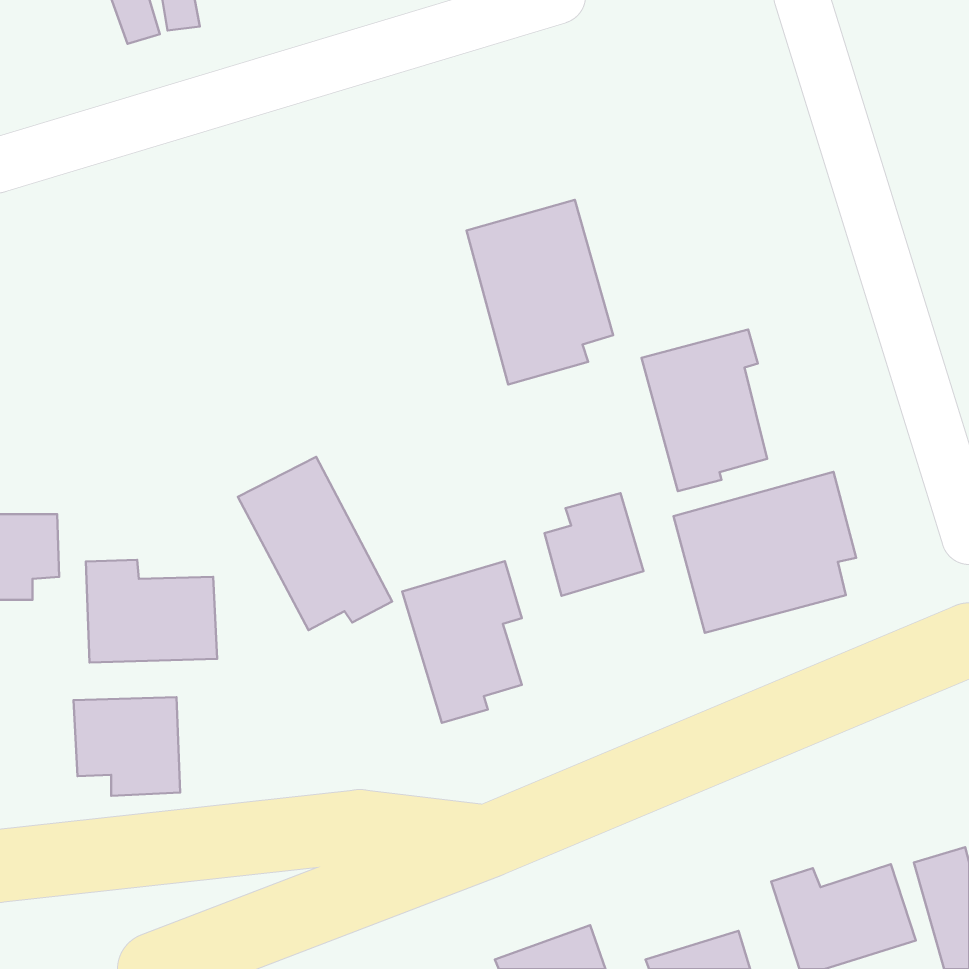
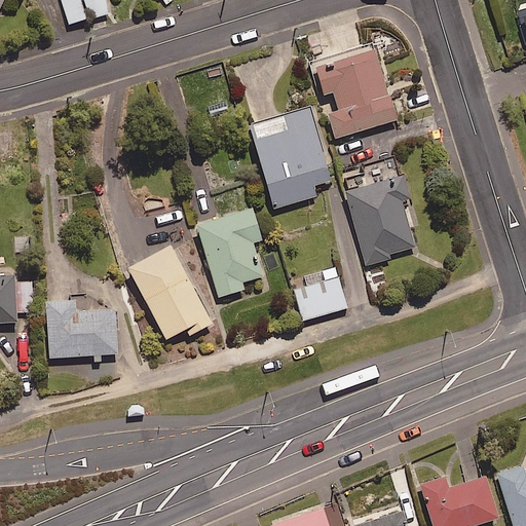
building: none -> [314,50,397,139]
building: [674,472,856,633] -> none
building: [402,561,522,723] -> [197,210,262,297]
building: [73,697,180,796] -> none

